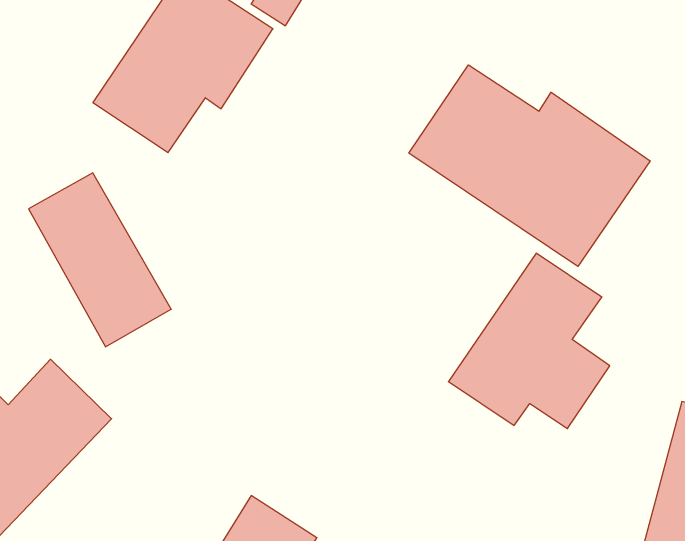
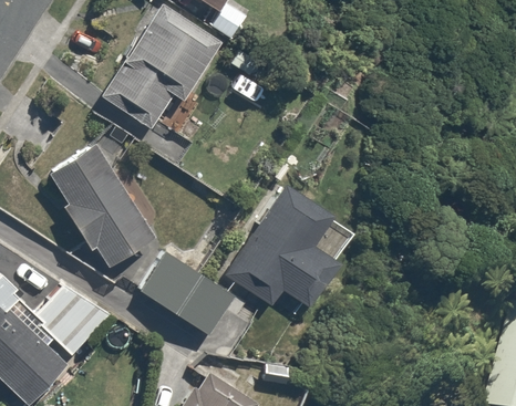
building: [409,65,650,266] -> none
building: [448,253,610,429] -> [224,184,338,308]
building: none -> [140,248,236,337]

